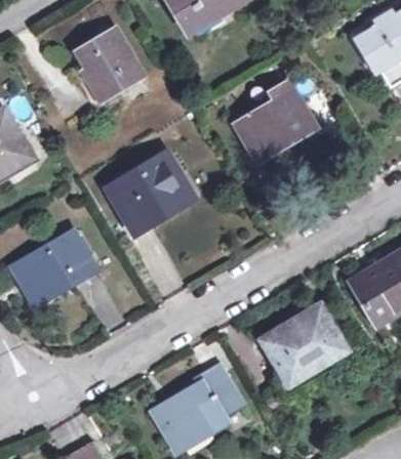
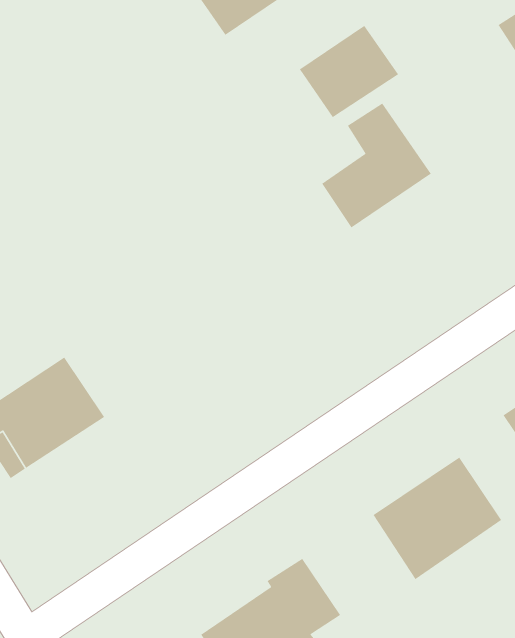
building: [77,29,143,100] -> none
building: none -> [299,25,399,118]
building: [108,154,193,234] -> none

